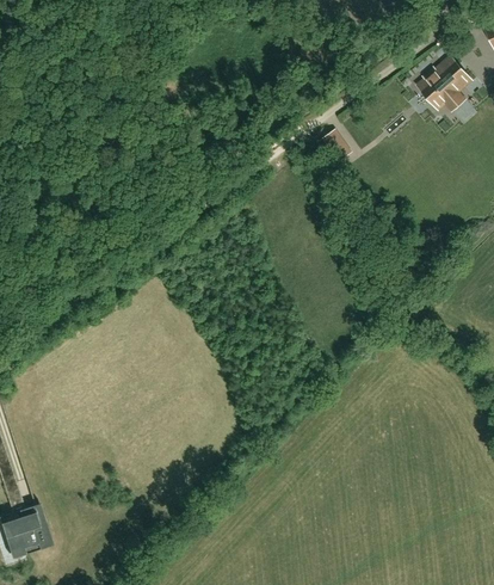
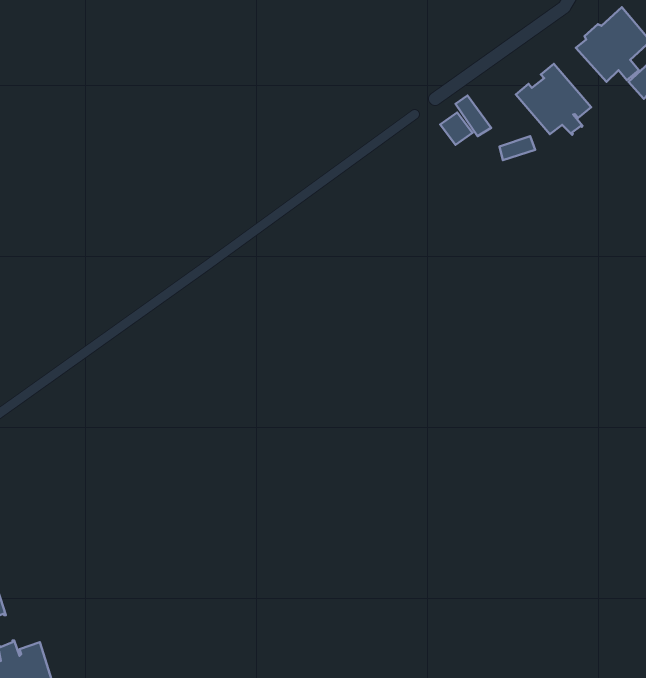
building: none -> [516,64,591,135]

